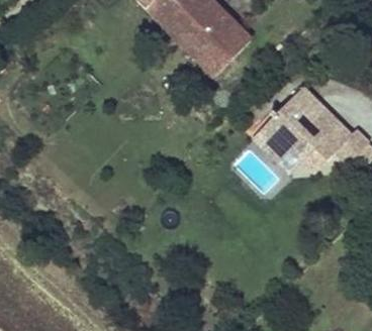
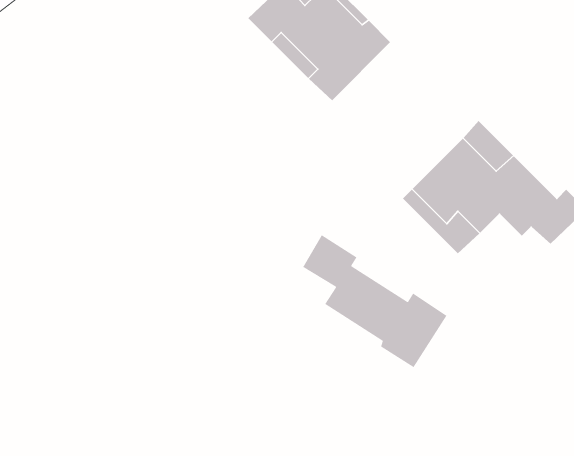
building: none -> [302,234,447,368]

